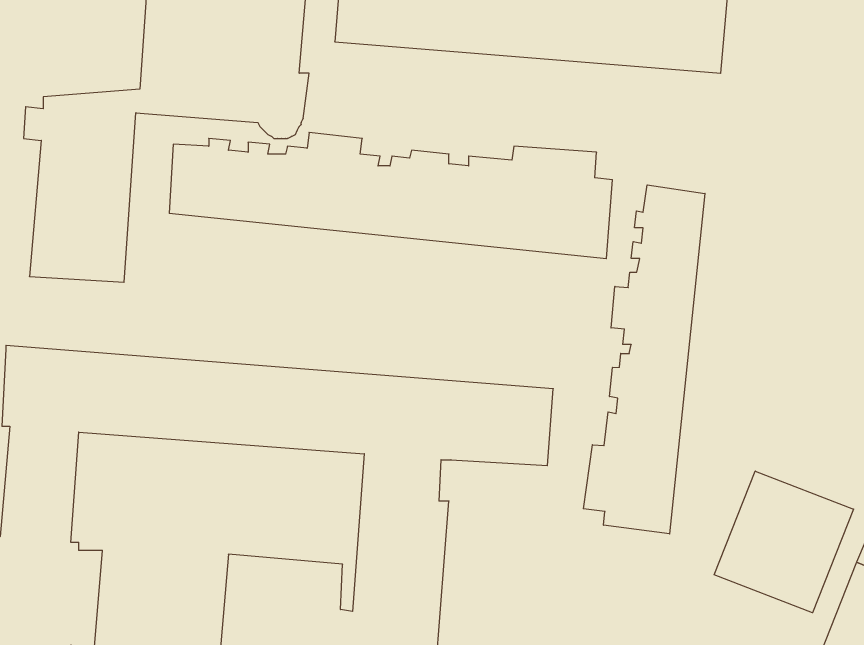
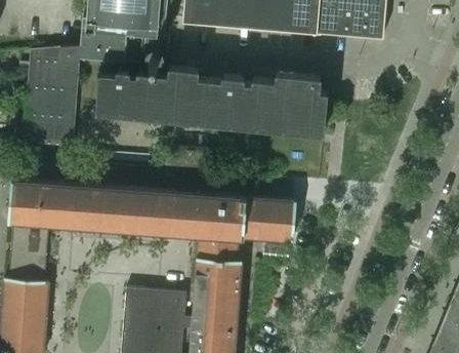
building: [583,185,705,534] -> none
building: [714,471,854,613] -> none

